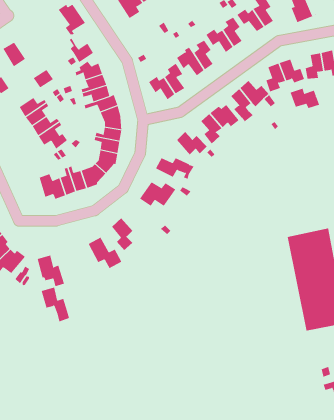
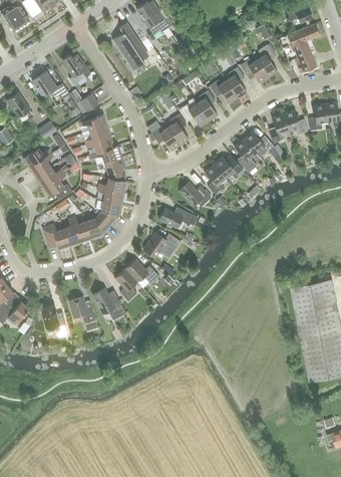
building: none -> [31,70,69,97]
building: [290,88,320,109] -> none
building: none -> [124,258,159,283]
building: [41,287,70,322] -> [68,295,97,330]

